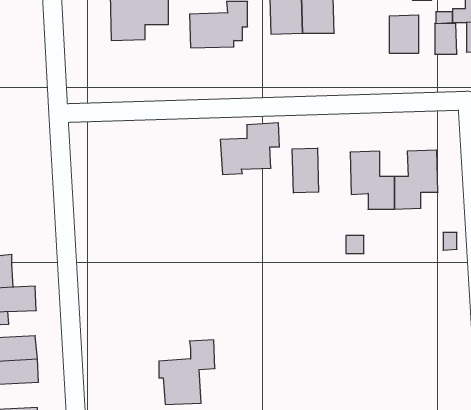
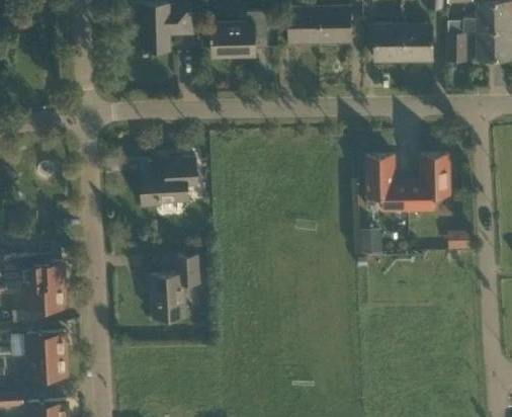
building: none -> [374,26,404,63]
building: [220,123,279,174] -> [141,158,197,207]
building: [292,148,319,193] -> none
building: none -> [42,255,65,286]
building: [159,340,215,404] -> [147,256,200,318]

